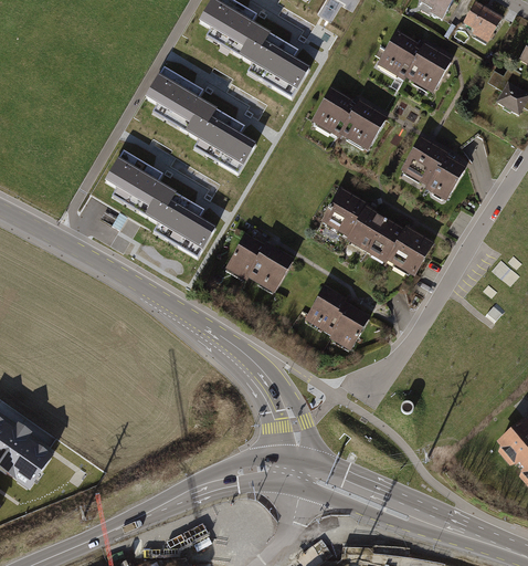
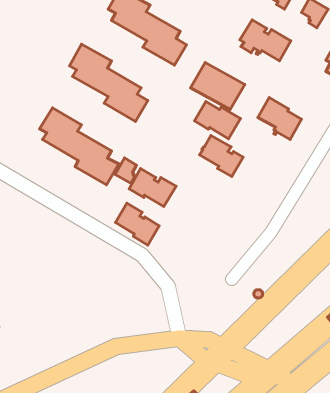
building: [369,219,432,270] -> [194,102,241,139]
building: none -> [115,158,137,184]
building: [308,286,368,344] -> [116,203,159,245]

